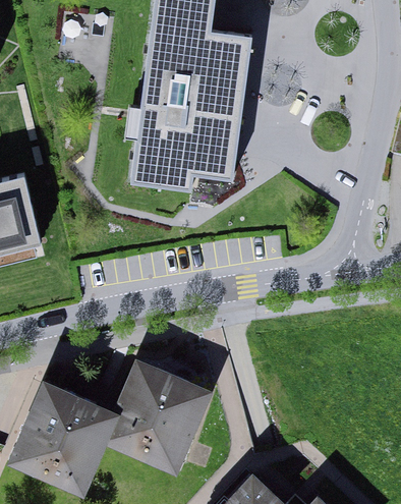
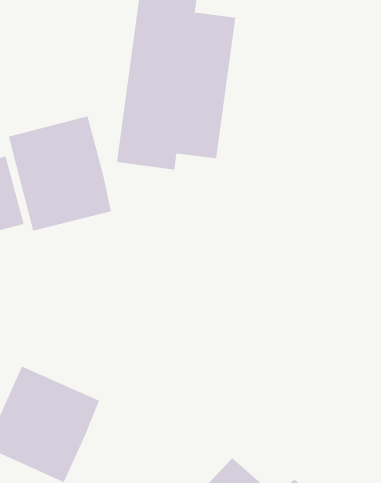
building: none -> [8,116,111,231]
building: [104,369,205,478] -> none

